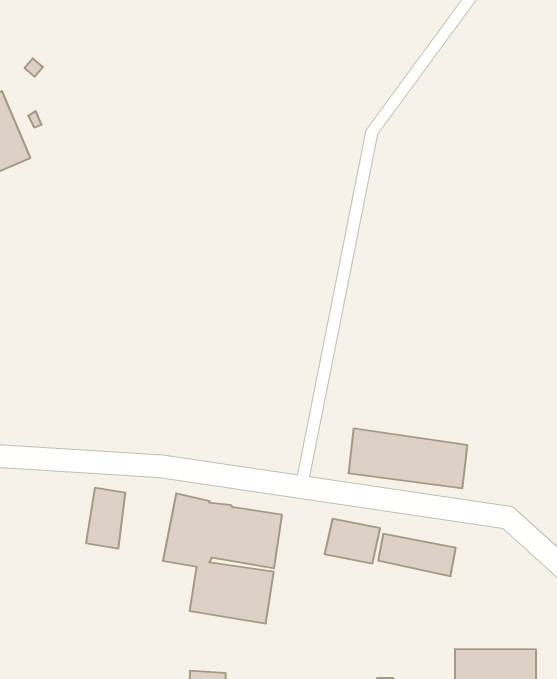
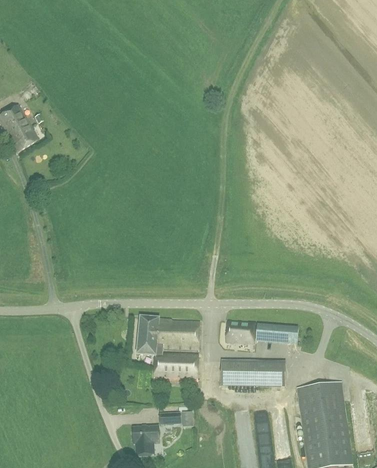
building: [348,428,467,488] -> [217,360,281,386]
building: [86,488,125,549] -> none

